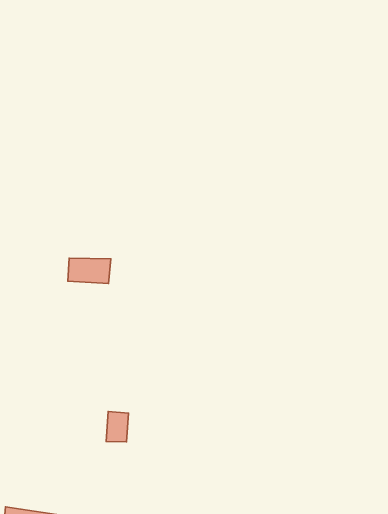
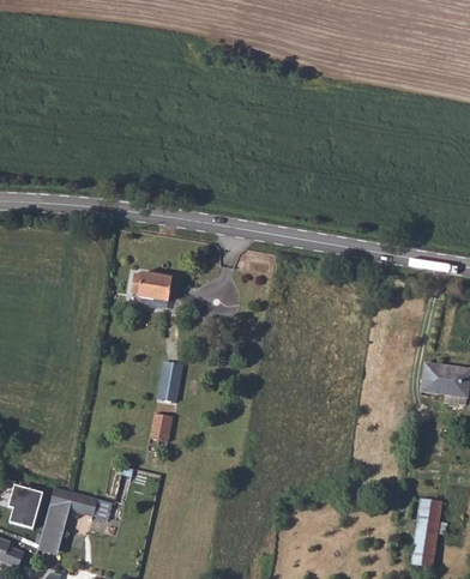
building: none -> [157,362,181,402]

